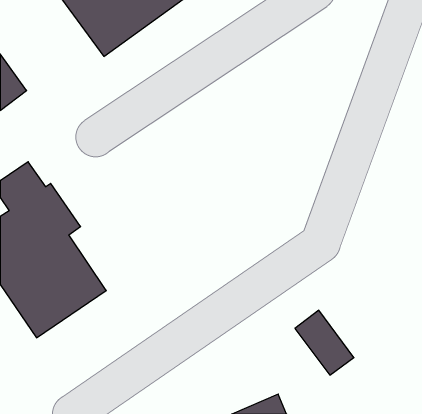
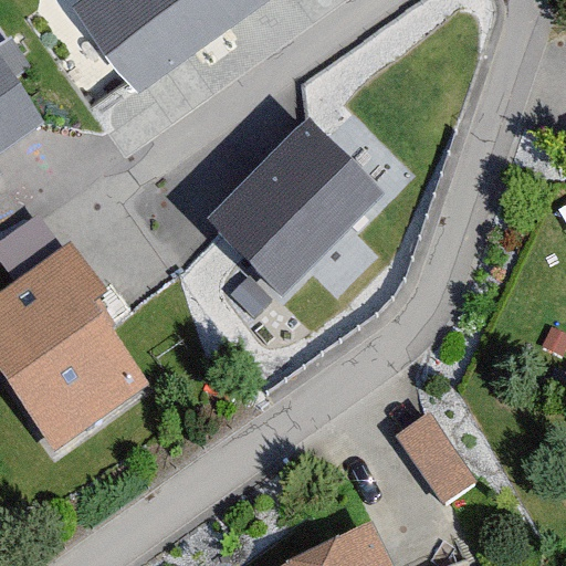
building: none -> [205,126,378,301]

